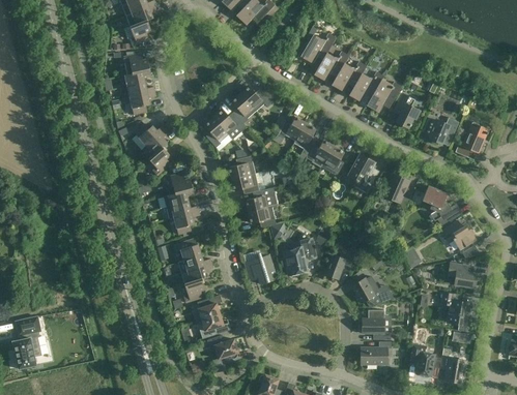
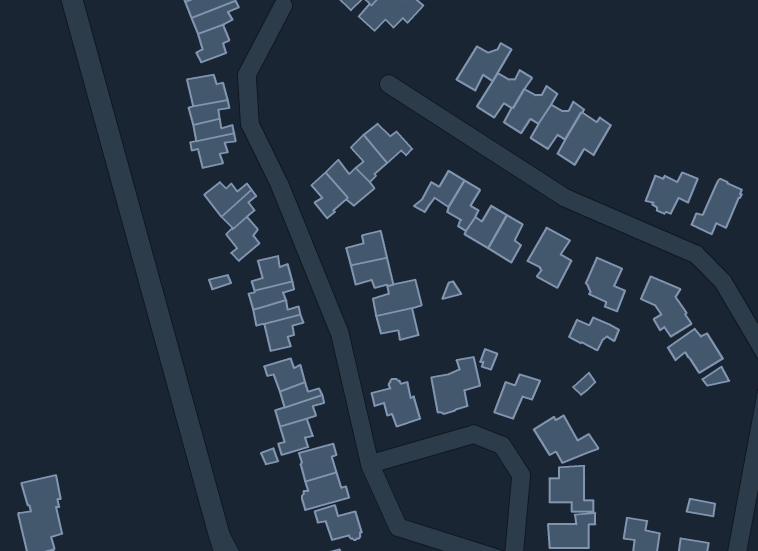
building: [395,92,421,127] -> none
building: none -> [569,317,619,350]
building: [448,262,477,287] -> none
building: [441,291,471,325] -> none

